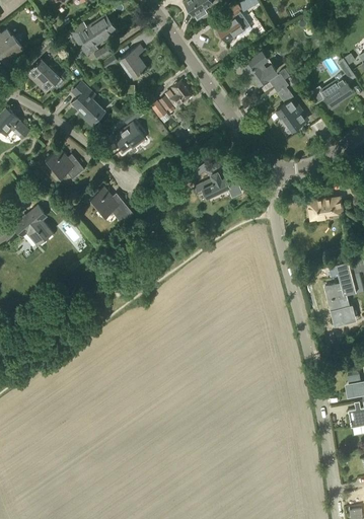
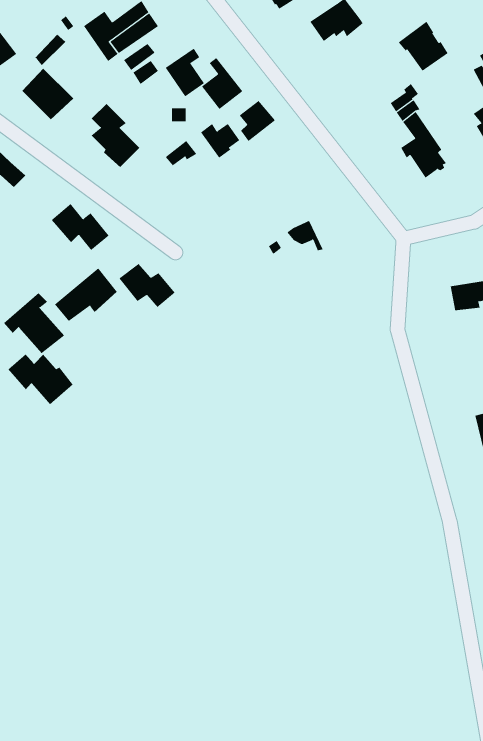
building: [242,52,276,85] -> [398,21,448,72]
building: none -> [201,57,243,110]
building: [113,123,144,152] -> none
building: [195,172,239,199] -> none
building: none -> [54,268,117,322]
building: none -> [7,353,73,405]

